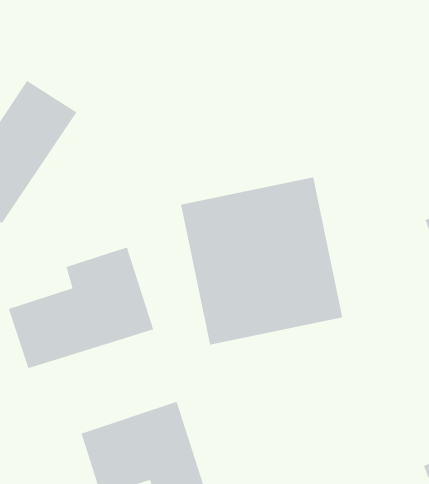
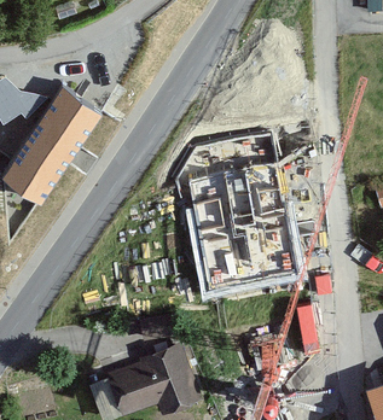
building: [8,247,154,369] -> none

